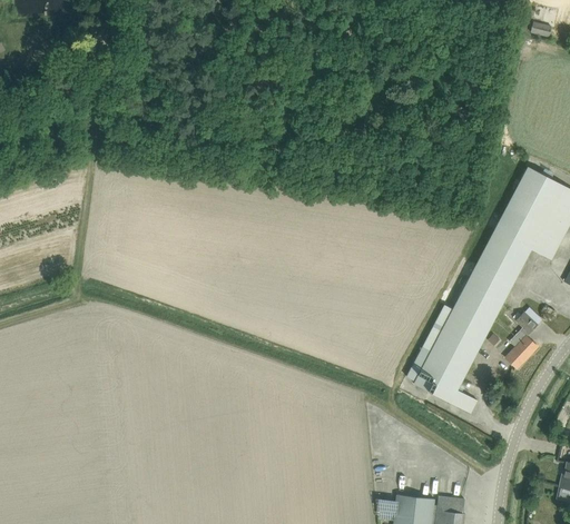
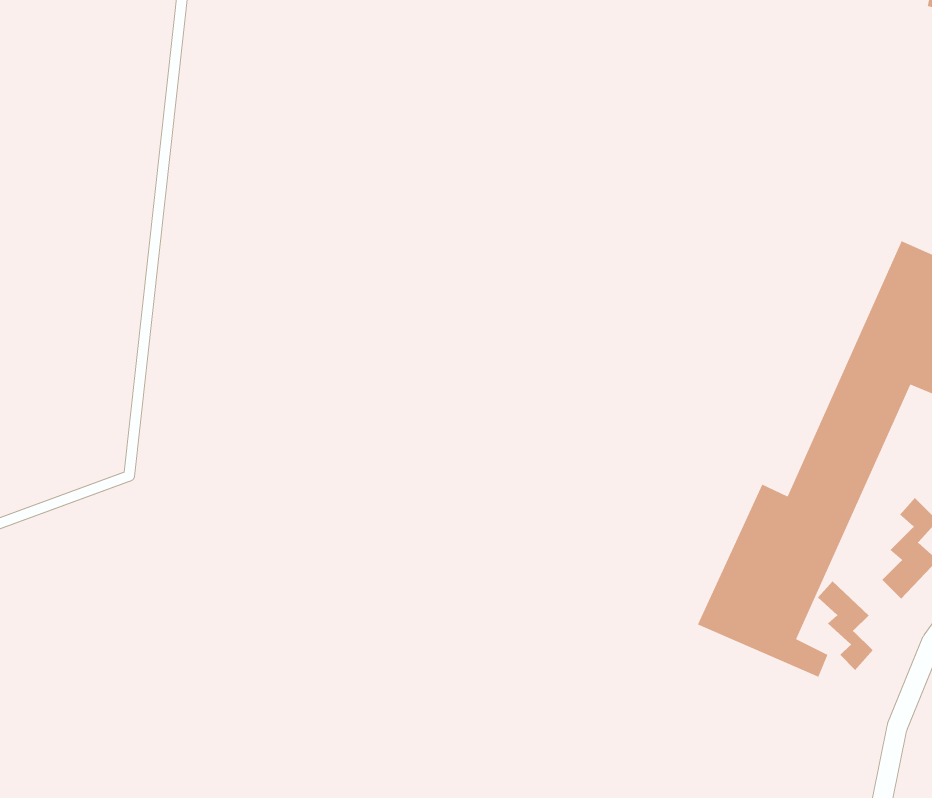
building: none -> [817,580,873,671]

